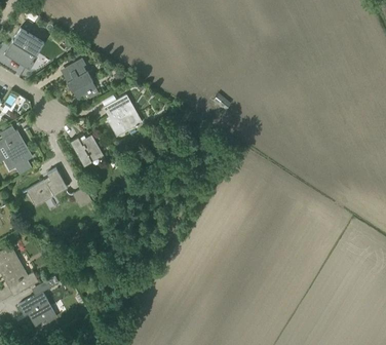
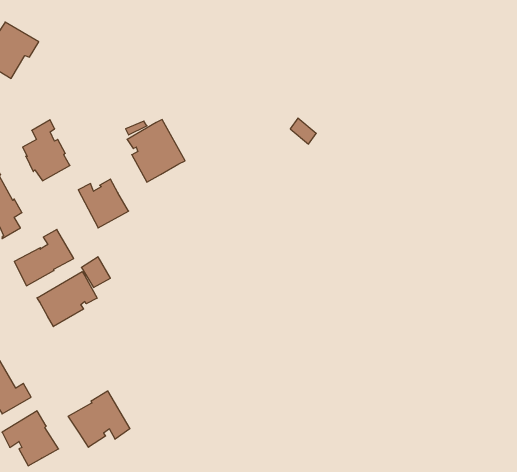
building: [65,57,96,99] -> [23,120,70,181]
building: none -> [37,272,97,327]
building: none -> [68,391,130,447]

